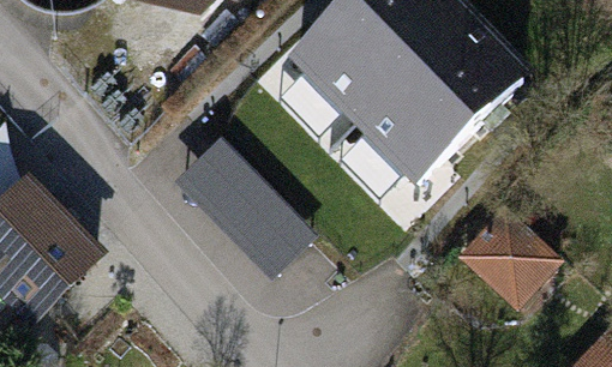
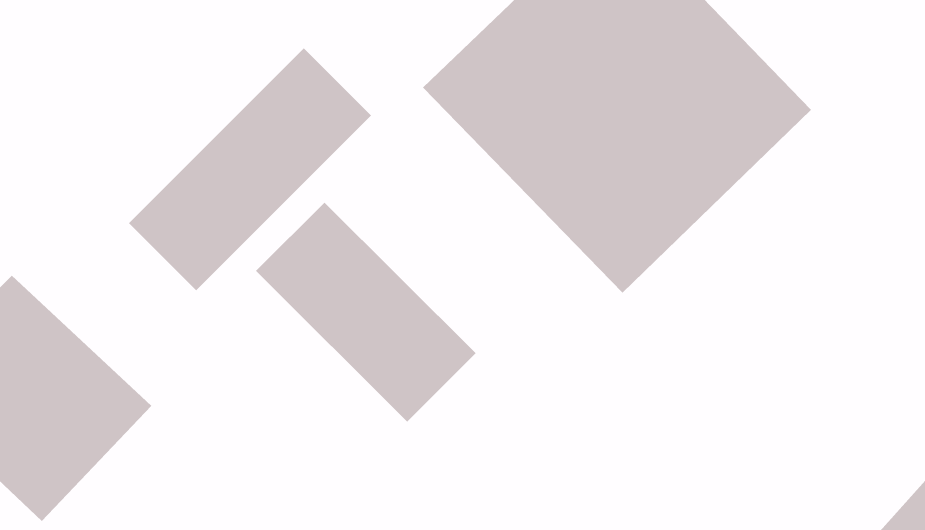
building: none -> [128,48,372,291]
building: [452,194,564,305] -> none

